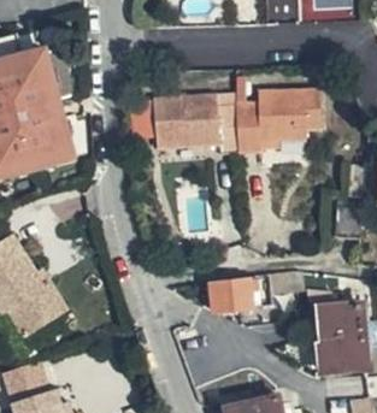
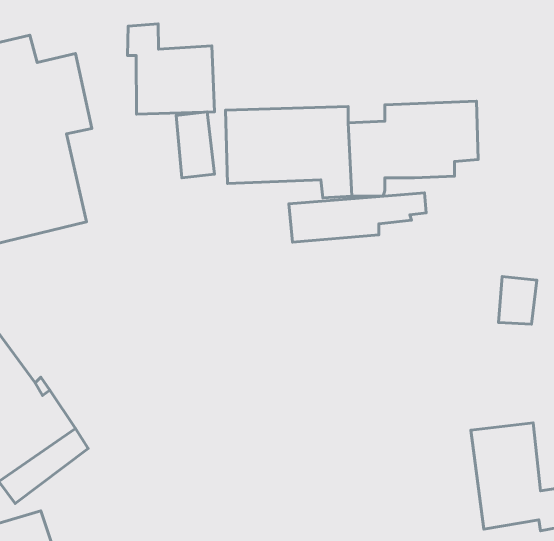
building: none -> [127,24,214,114]
building: [214,272,305,305] -> [289,193,426,242]

